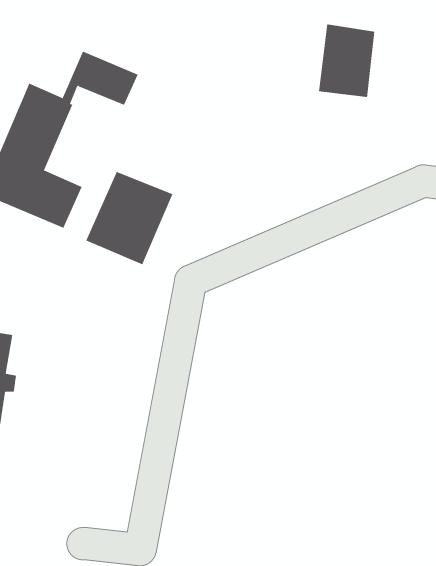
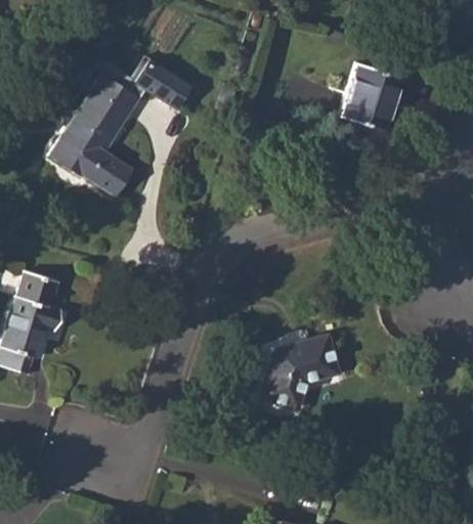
building: [86,171,173,265] -> none
building: none -> [258,337,333,407]

